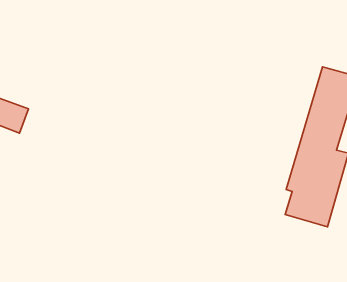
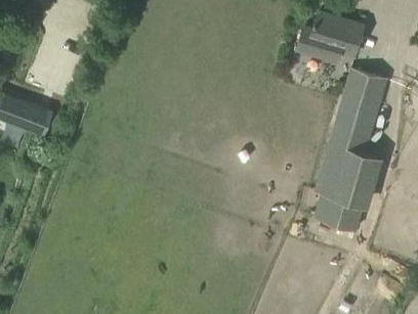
building: none -> [298,11,365,62]

